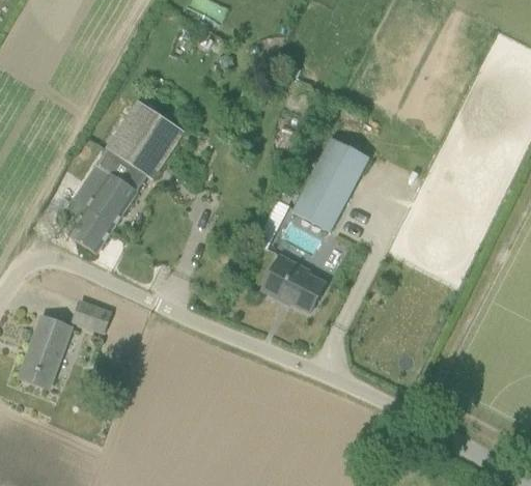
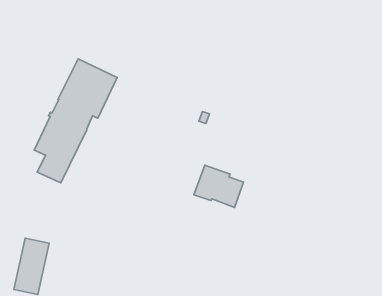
building: [291,137,369,231] -> none
building: [73,299,110,331] -> none

